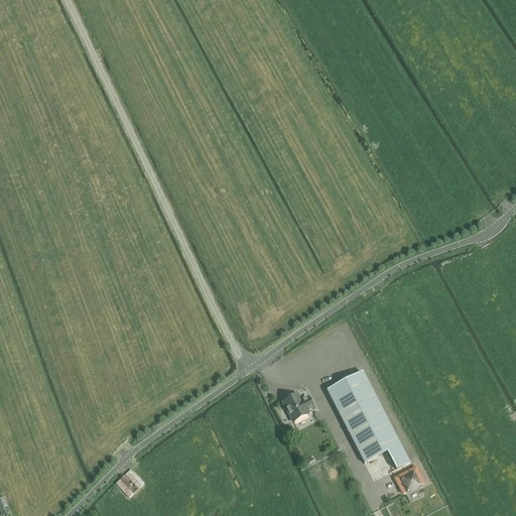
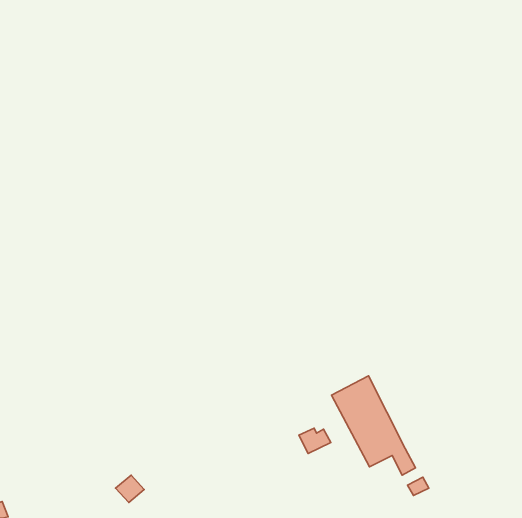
building: [282,392,313,417] -> [299,428,331,454]

